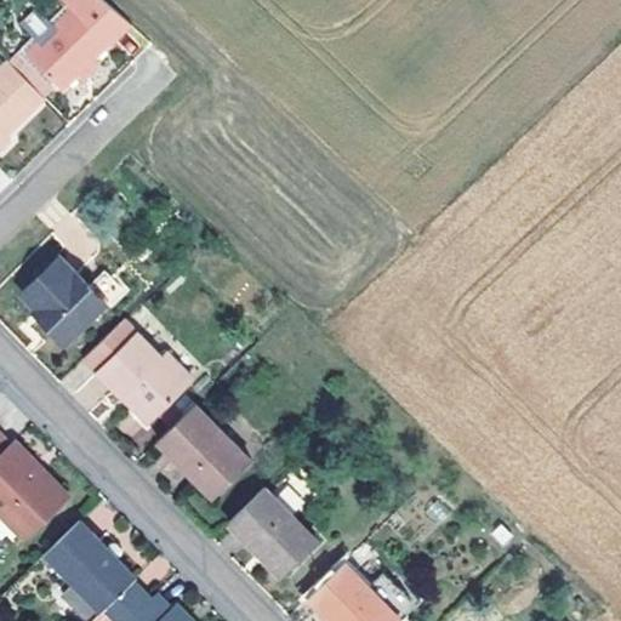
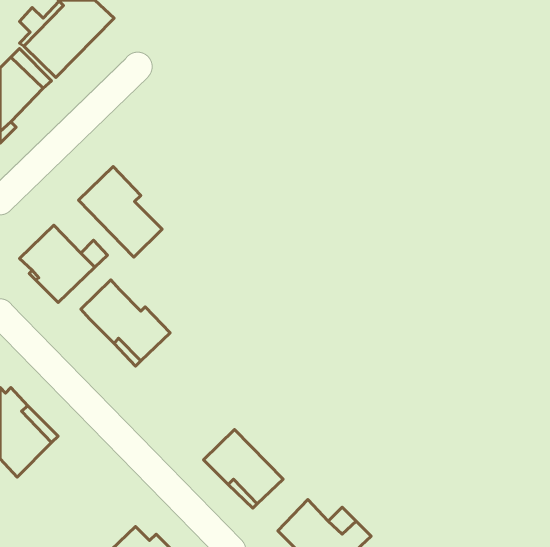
building: none -> [79,166,162,257]
building: [155,404,250,495] -> none
building: [44,522,132,610] -> none

